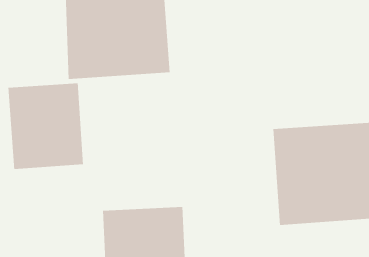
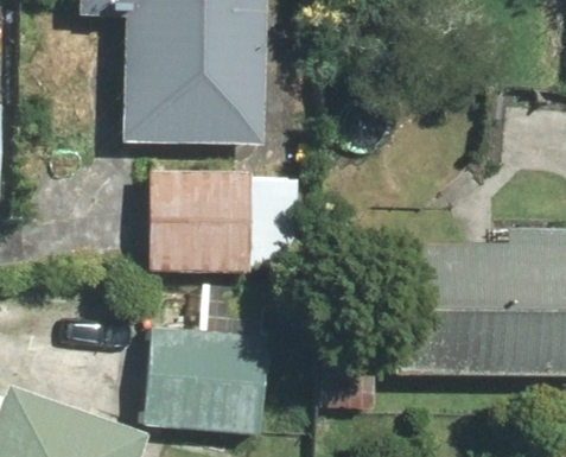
building: [8,82,84,170] -> none
building: none -> [150,166,305,247]

